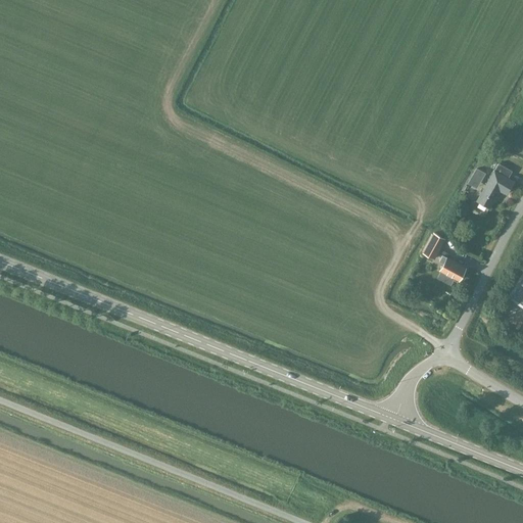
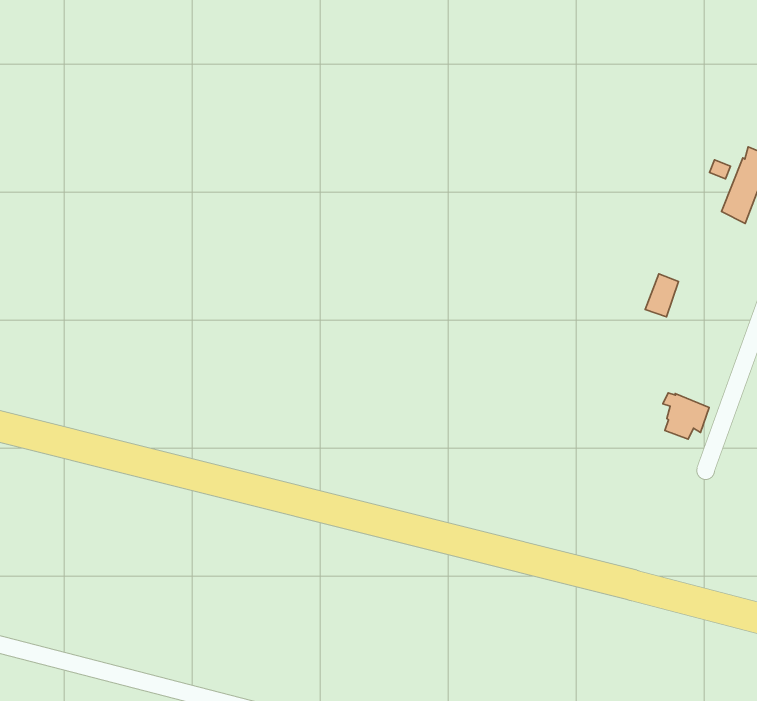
building: [439,255,468,285] -> [663,393,709,439]

